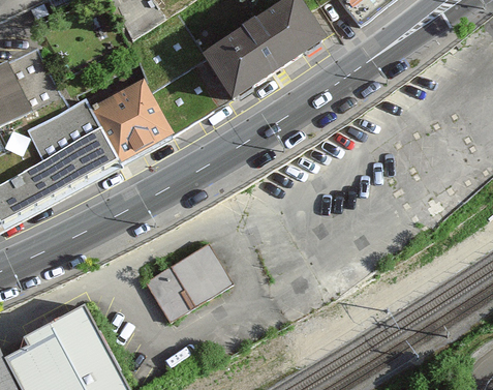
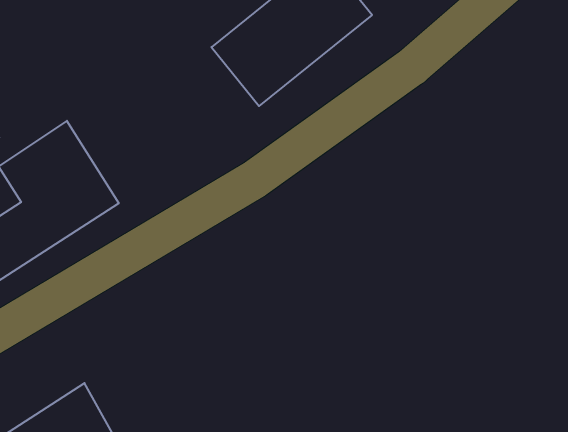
building: [93,77,177,164] -> none
building: [147,243,236,324] -> none

